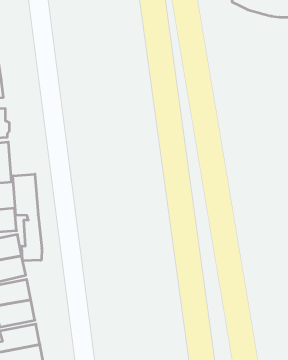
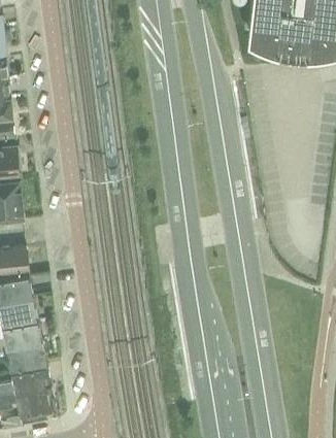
building: [13,174,42,261] -> none

